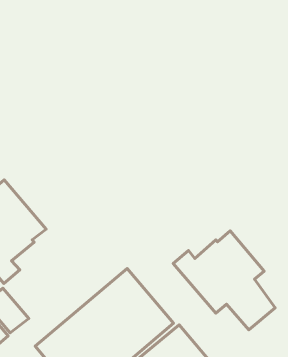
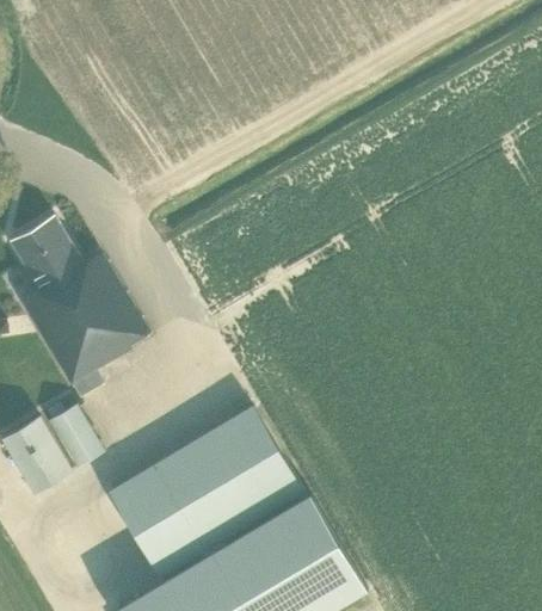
building: [173,231,275,330] -> none

